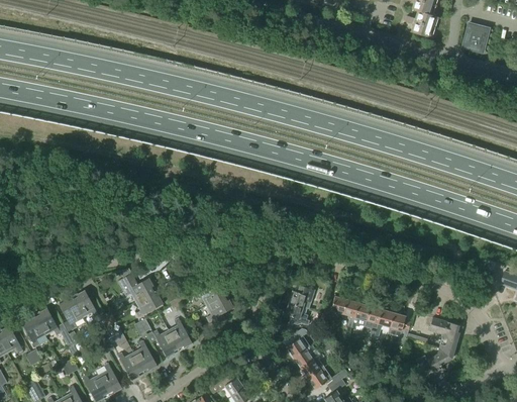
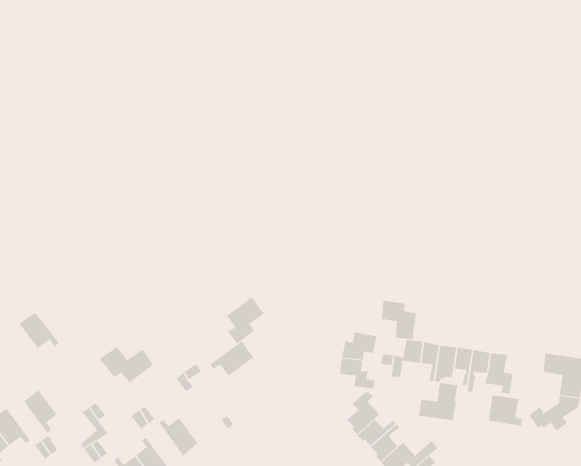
building: none -> [382,300,416,340]
building: [71,290,98,317] -> [19,312,60,349]
building: [134,290,163,317] -> none
building: [205,294,233,326] -> [226,297,264,344]
building: [168,317,192,349] -> none
building: none -> [418,382,458,421]
building: none -> [488,395,523,427]

